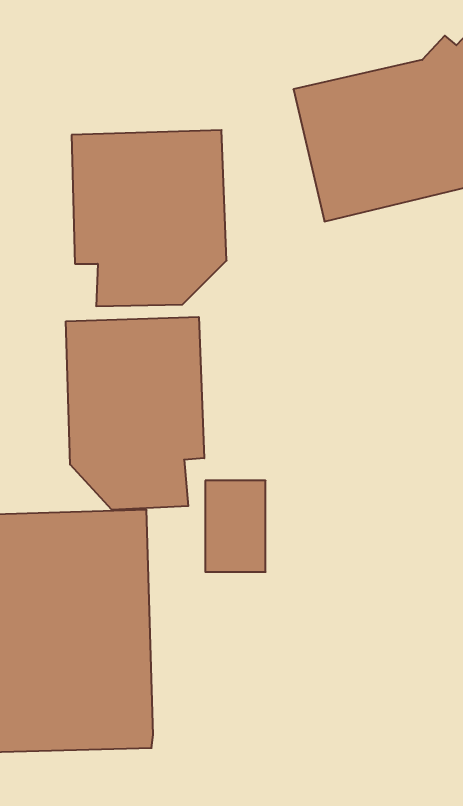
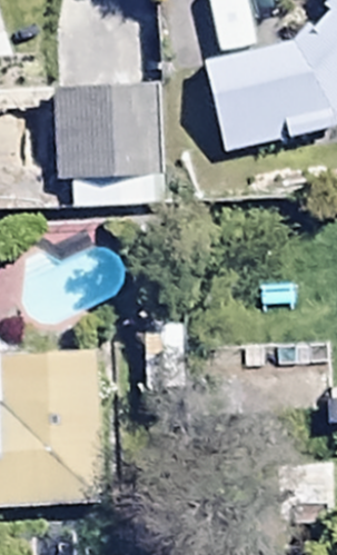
building: [66,317,204,510] -> none

